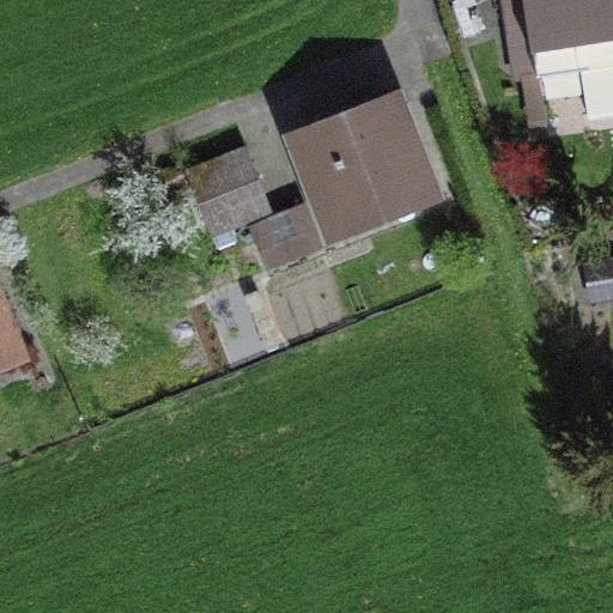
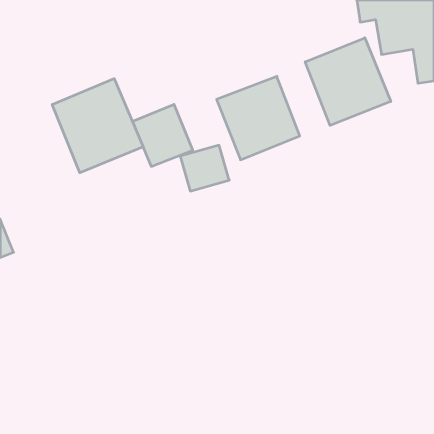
building: none -> [305,38,391,125]
building: none -> [52,79,143,173]

